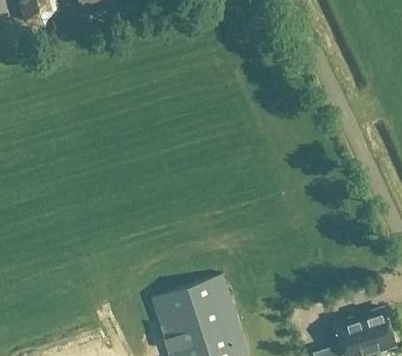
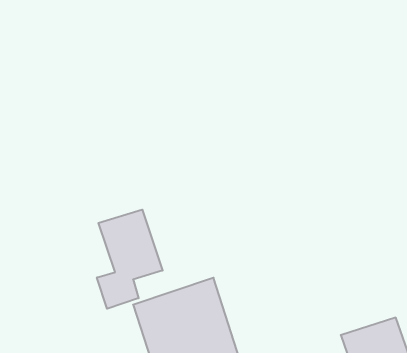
building: none -> [97,210,163,309]

